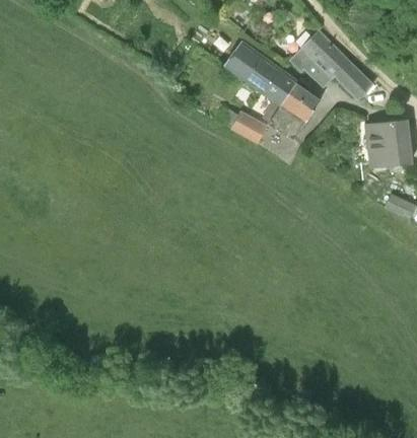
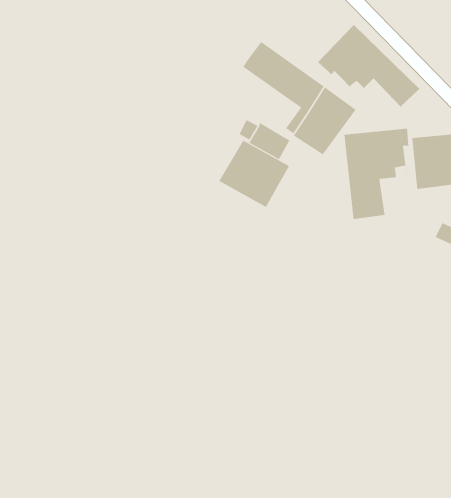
building: none -> [344,128,409,220]
building: none -> [218,140,290,208]

